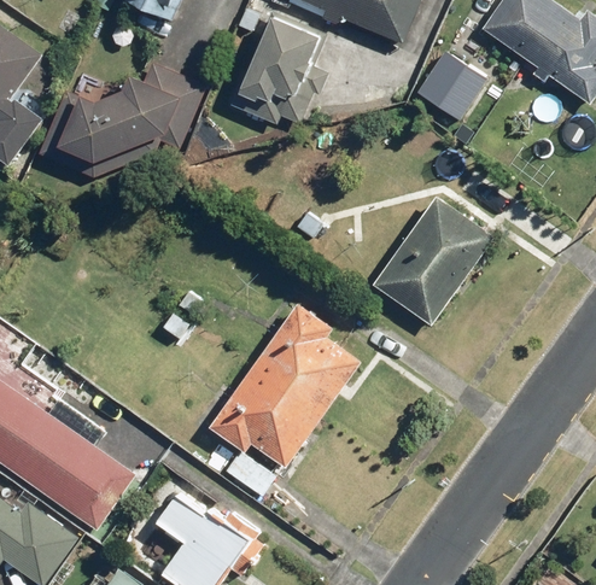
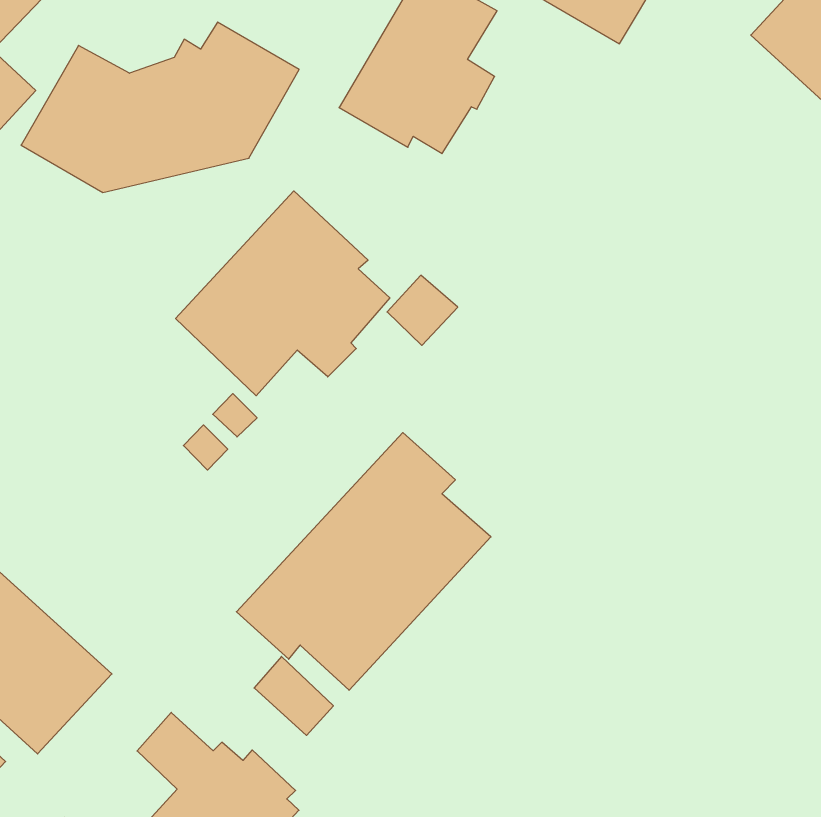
building: [415,51,485,121] -> none
building: none -> [176,191,390,396]
building: [372,195,495,326] -> none

